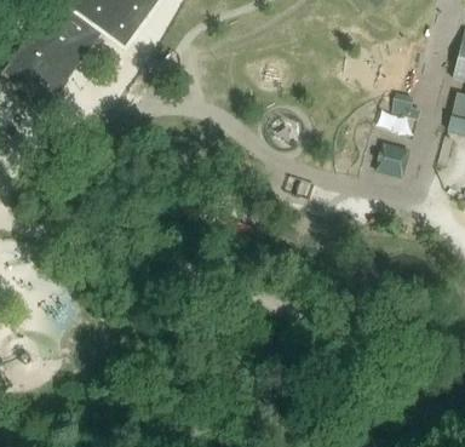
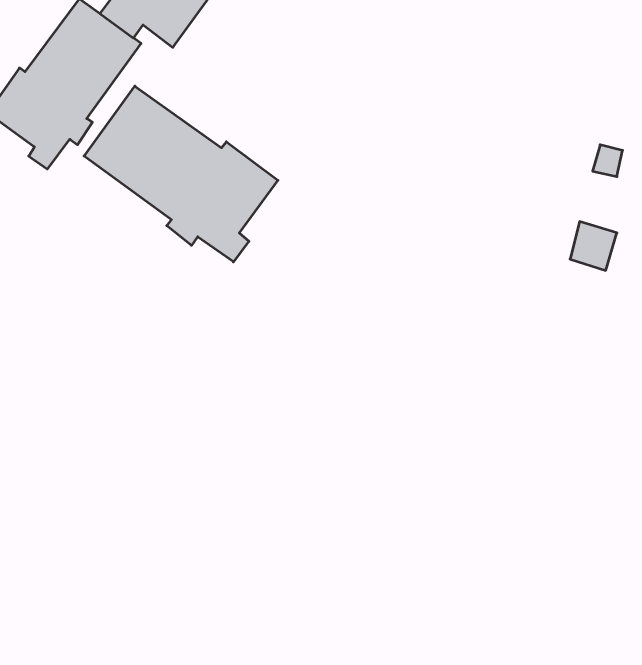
building: none -> [84,86,278,262]

